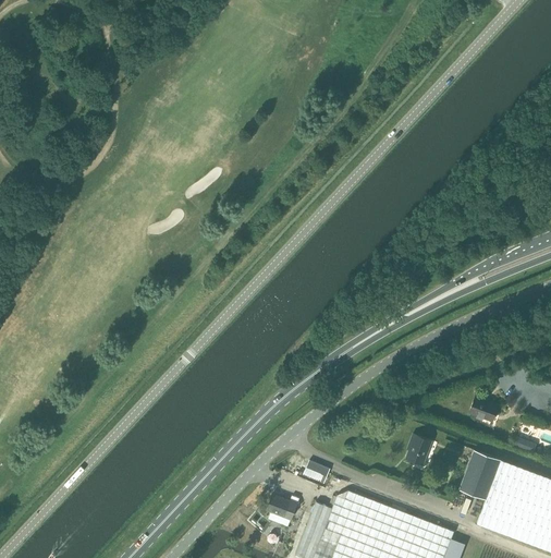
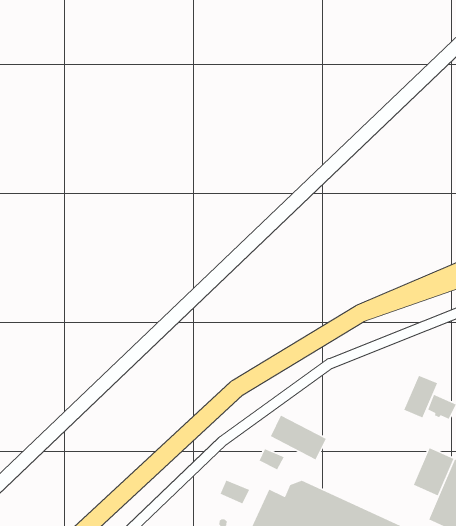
building: none -> [403,375,438,418]
building: none -> [270,415,327,460]
building: [406,435,431,465] -> none

